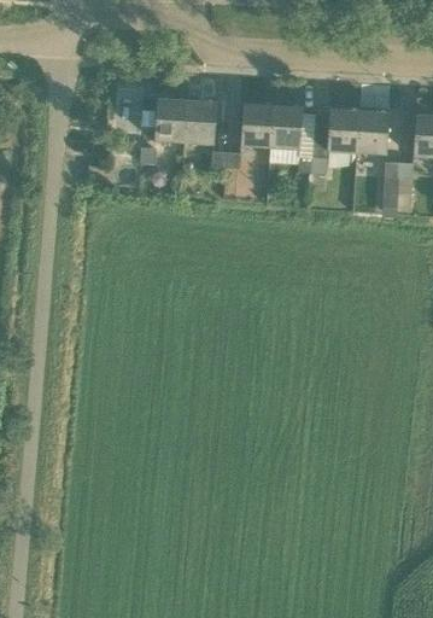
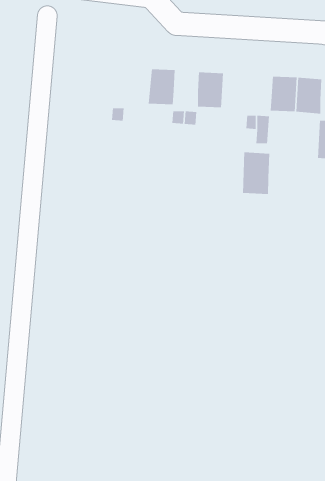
building: [156,99,188,142] -> none
building: [271,106,304,150] -> none
building: none -> [242,152,270,195]

